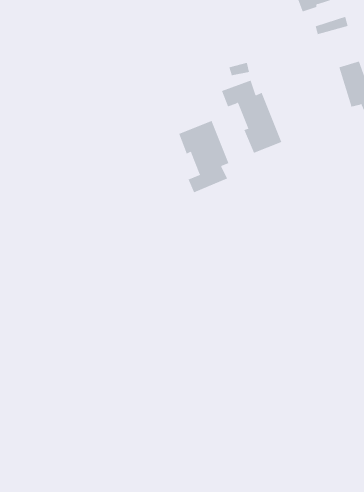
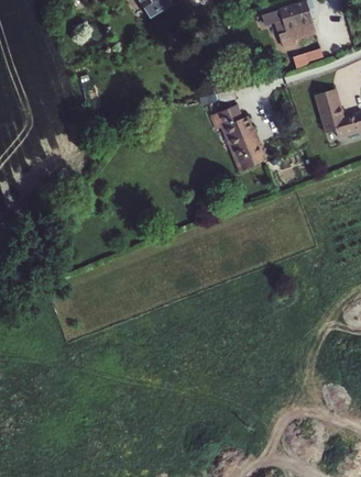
building: [179,120,229,193] -> none

